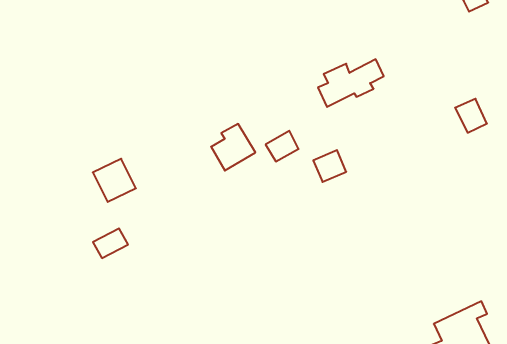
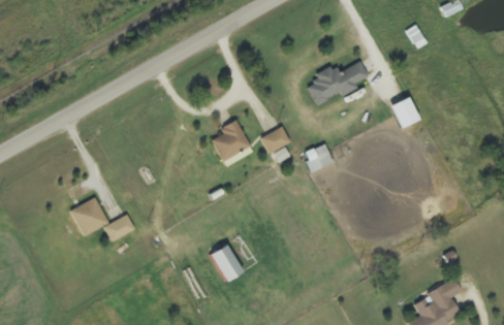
building: [455,99,487,133] -> [390,97,419,128]
building: [93,159,136,202] -> [70,197,109,236]
building: none -> [212,246,242,282]

